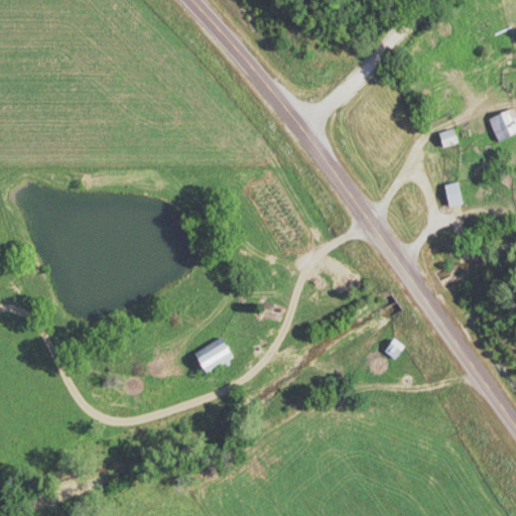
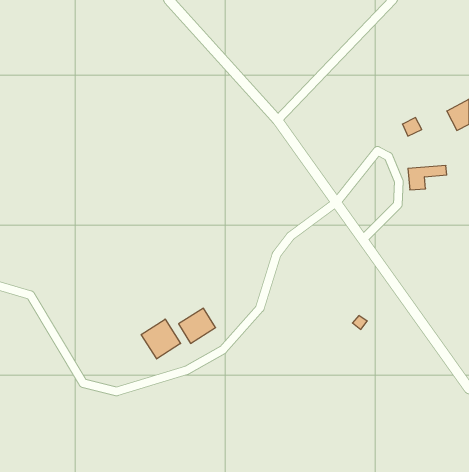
building: none -> [141,319,181,359]

